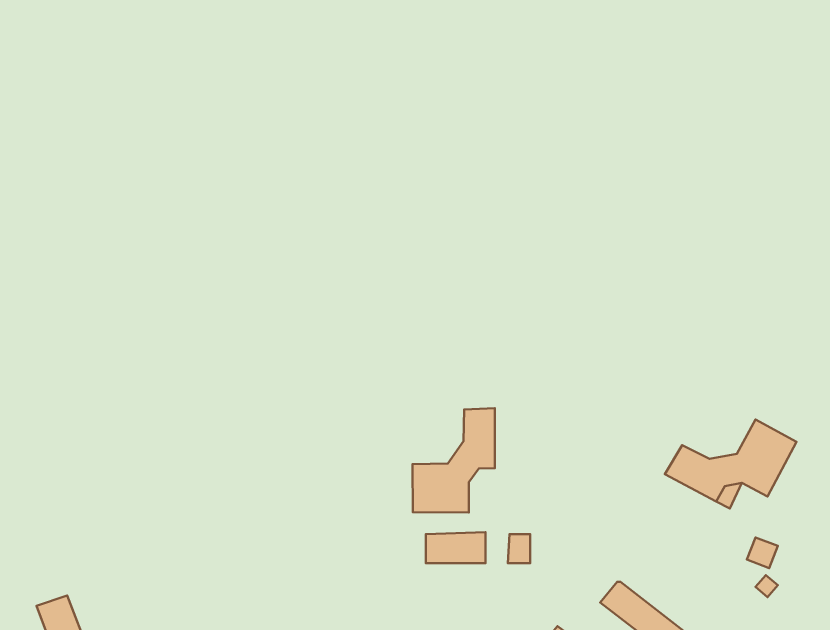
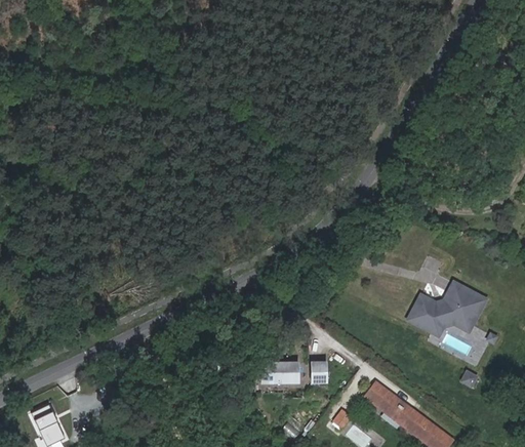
building: [413,408,495,512] -> none
building: none -> [416,283,460,311]

